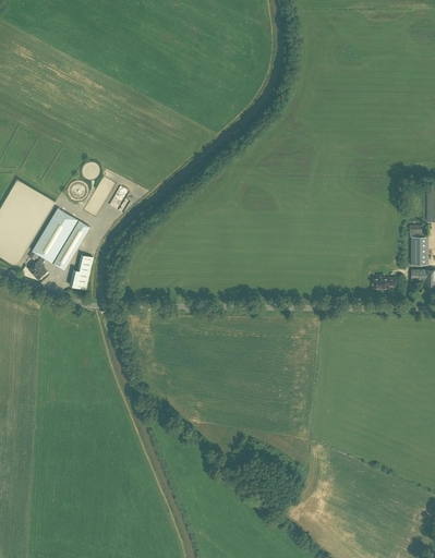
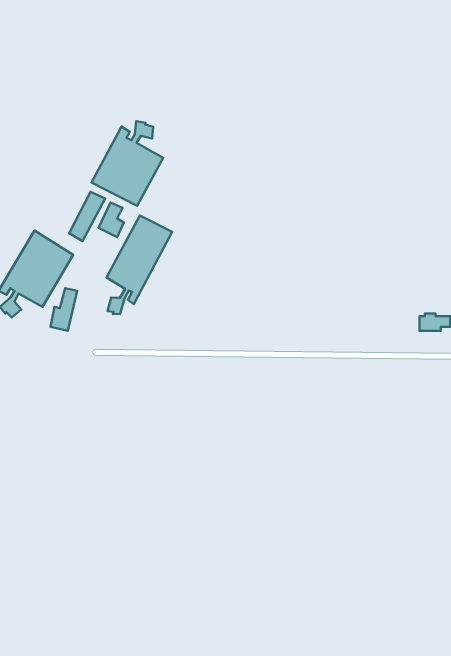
building: none -> [92,121,163,206]
building: none -> [106,215,172,314]

